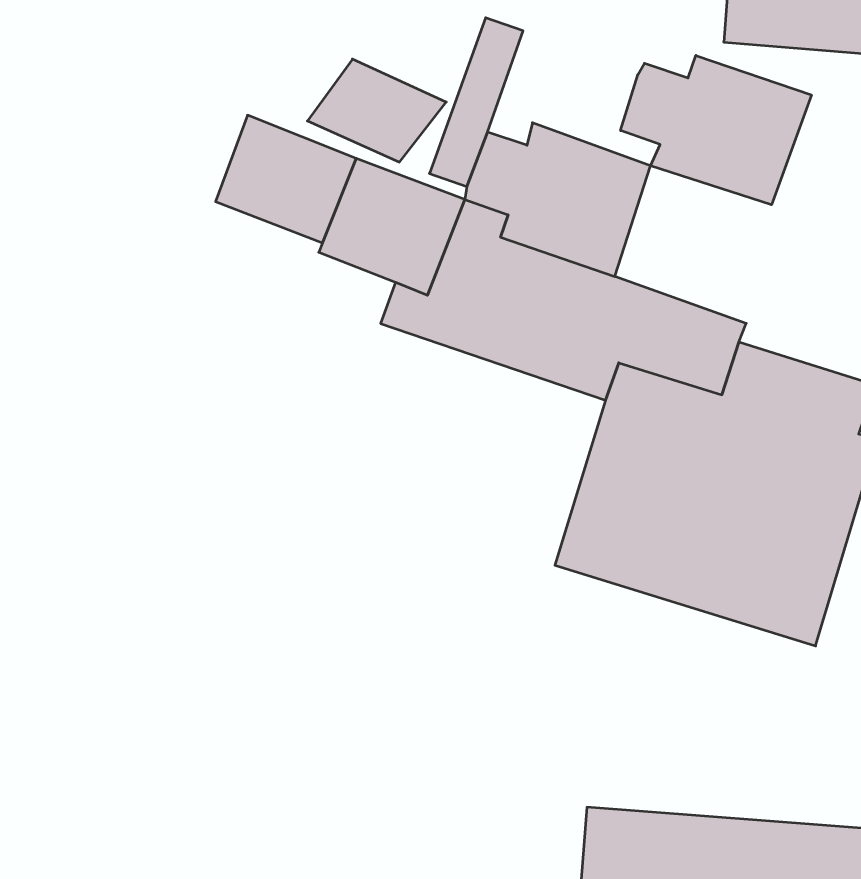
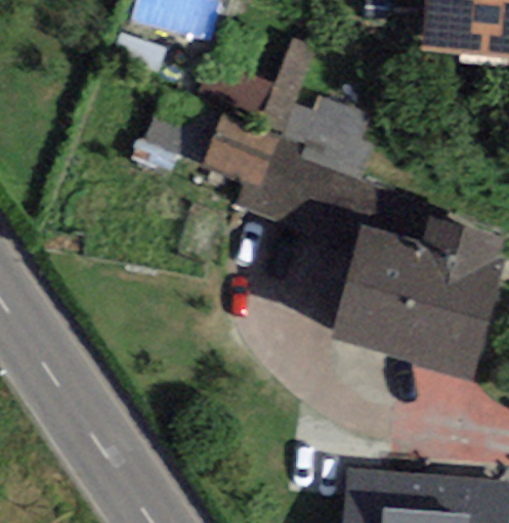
building: [621,55,811,205] -> none

